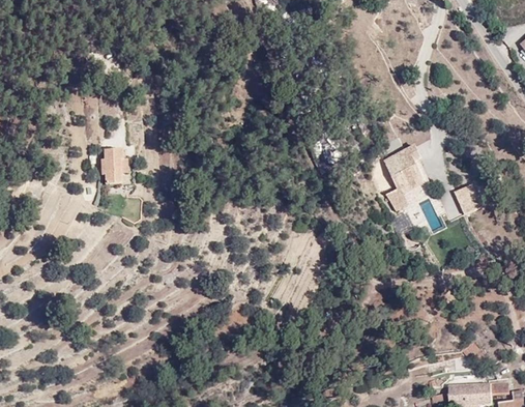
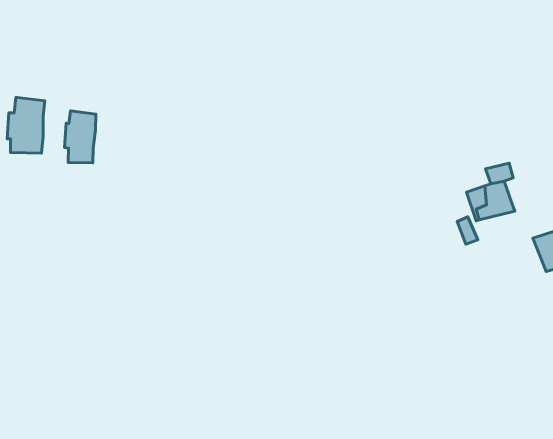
building: none -> [7,97,45,153]

